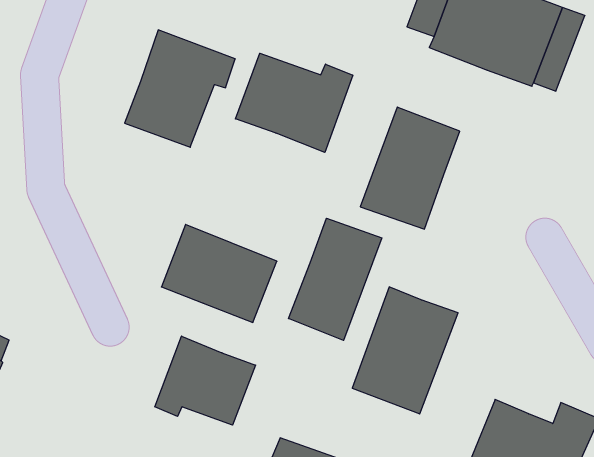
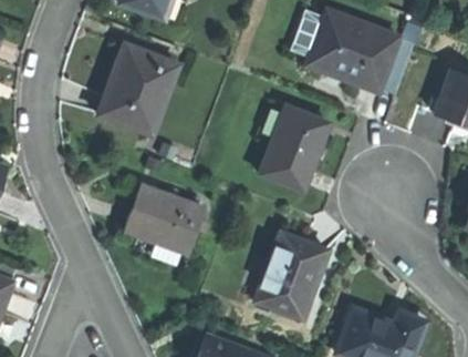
building: [235,53,353,152] -> none
building: [289,218,382,340] -> none
building: [155,336,256,425] -> none

